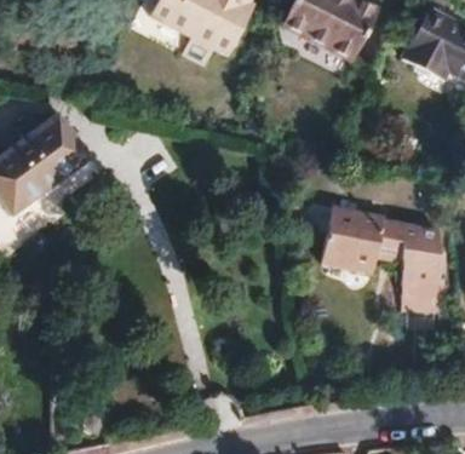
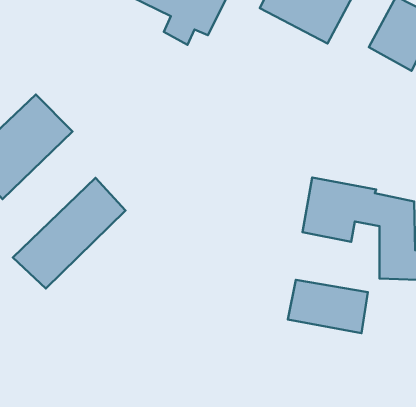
building: none -> [13,178,126,289]
building: none -> [288,280,368,333]

